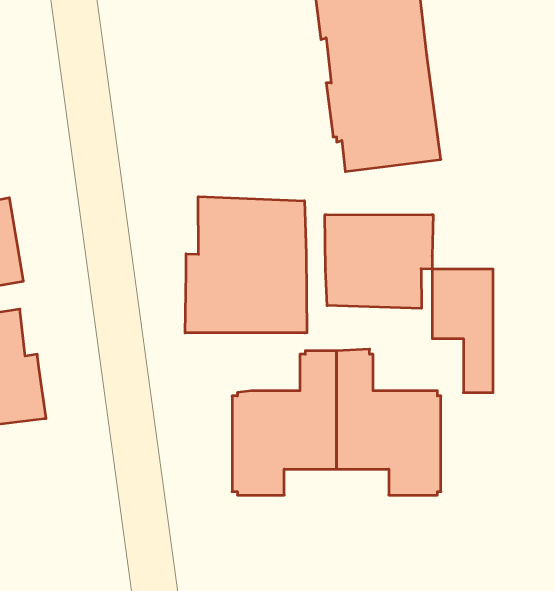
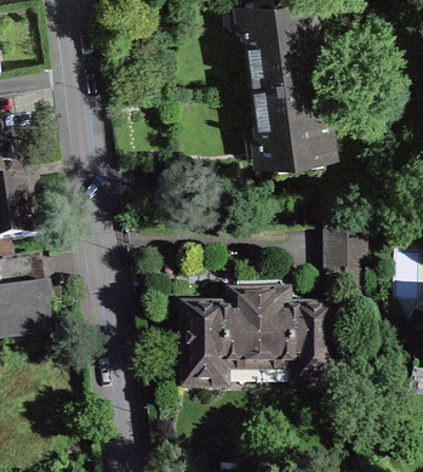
building: [185,197,307,333] -> none
building: [325,215,433,308] -> none

